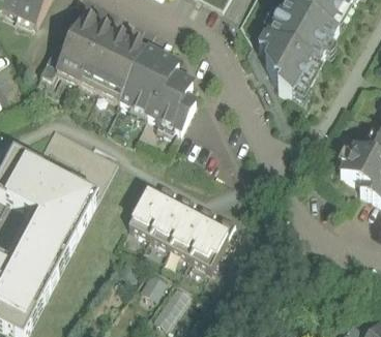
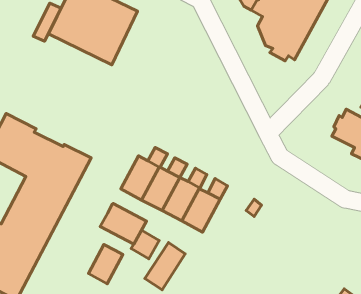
building: [120,44,197,128] -> none
building: none -> [100,204,147,244]
building: none -> [88,244,123,284]

